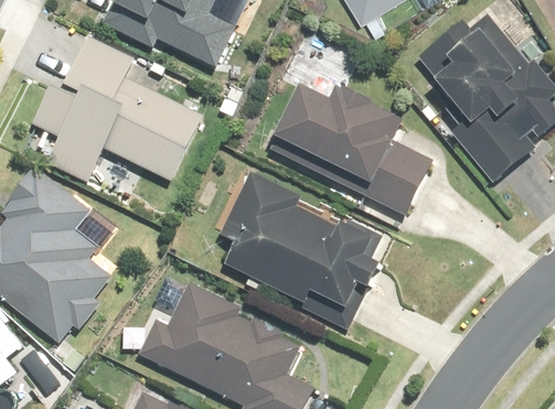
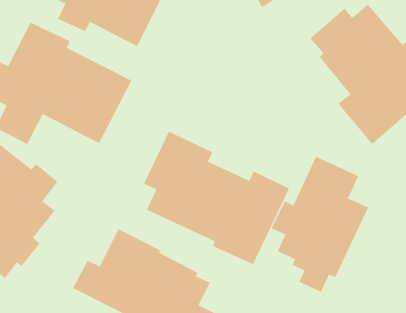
building: [271,89,430,215] -> none
building: none -> [271,156,369,292]

